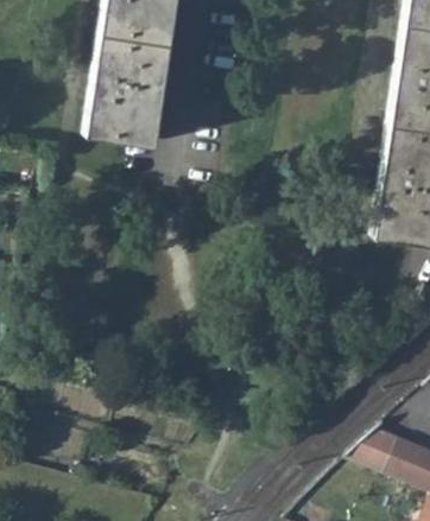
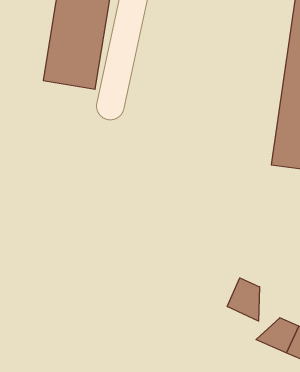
building: none -> [227,278,260,321]

